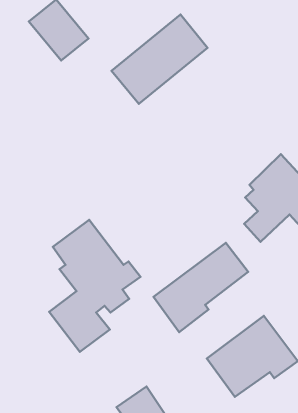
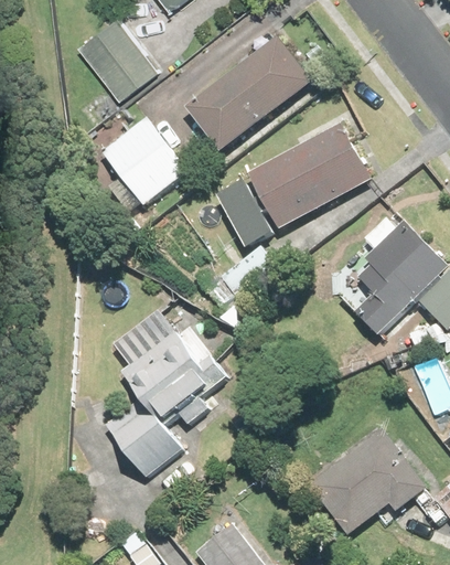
building: none -> [101,116,188,203]
building: none -> [214,125,366,245]
building: [153,243,248,332] -> none

